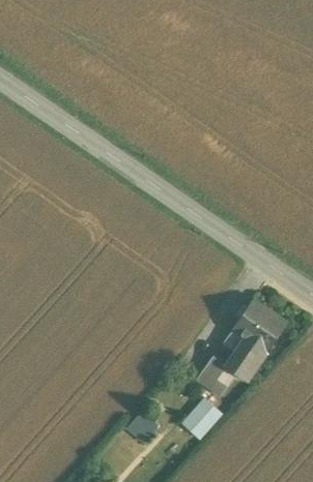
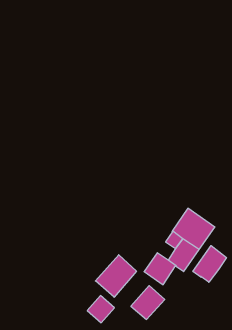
building: none -> [193,246,226,282]
building: none -> [95,255,136,297]

